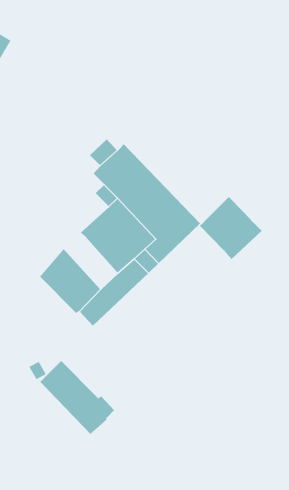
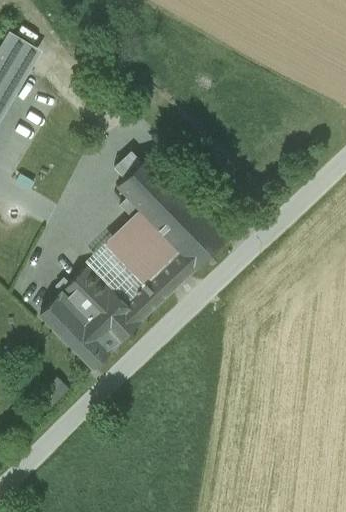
building: [199,196,262,260] -> none
building: none -> [84,248,139,306]
building: [39,360,115,435] -> [37,293,114,369]

